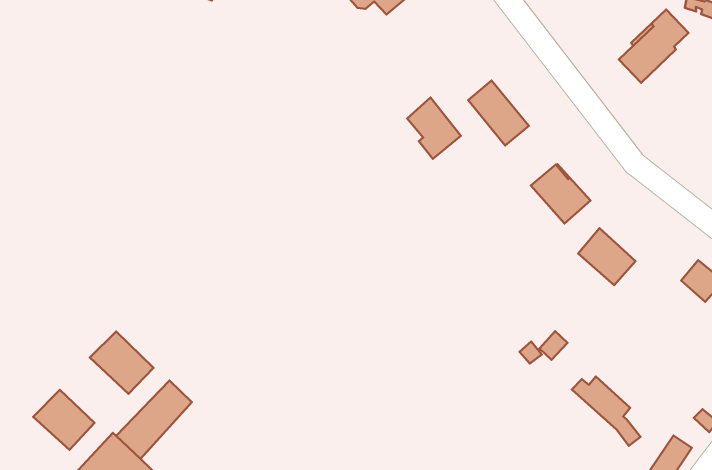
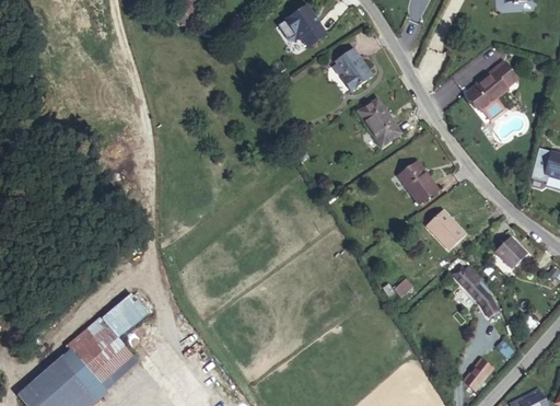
building: [407,98,461,159] -> [337,48,373,91]
building: [90,332,153,394] -> none
building: [572,376,641,446] -> [454,265,499,315]
building: [33,390,94,450] -> none

